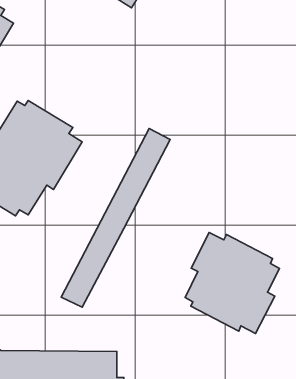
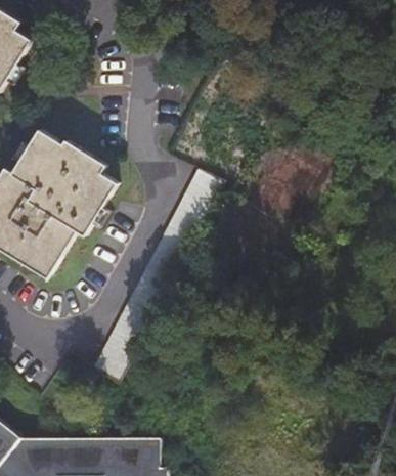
building: [185,232,279,333] -> none

